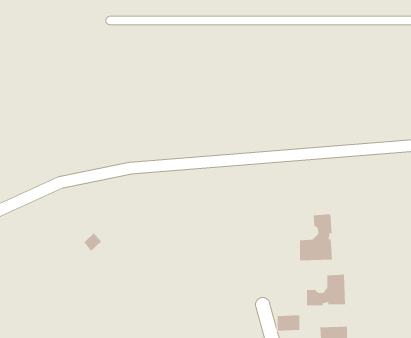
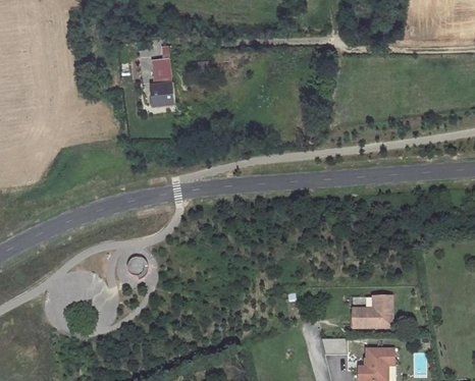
building: none -> [152,58,174,104]
building: [299,214,333,261] -> none

